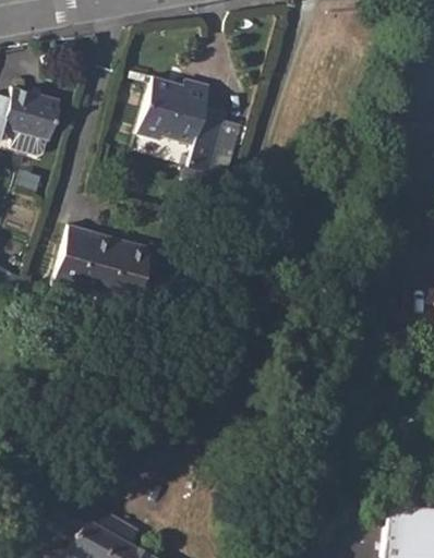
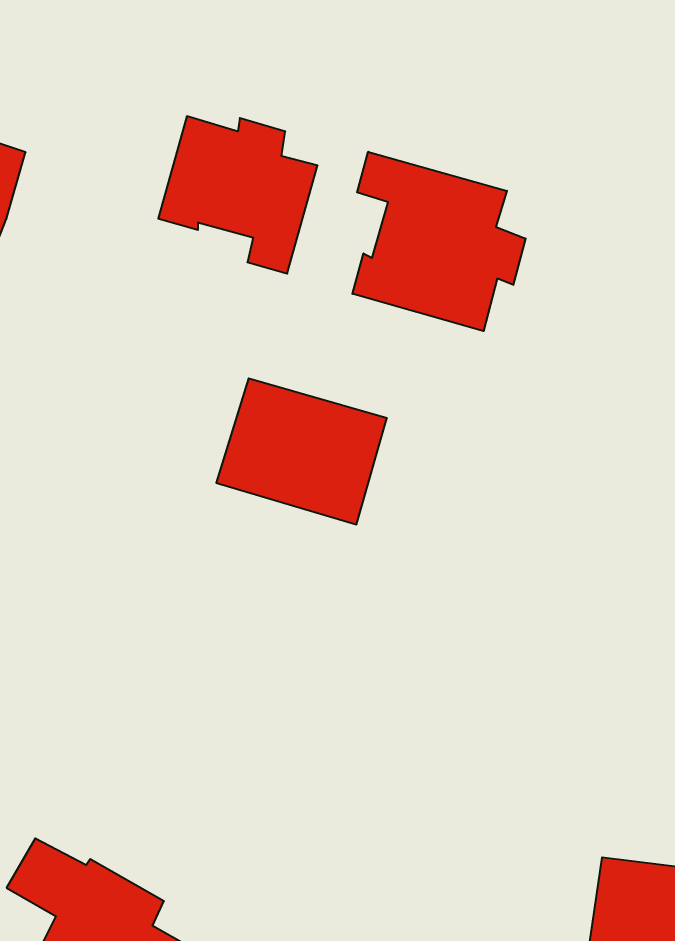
building: none -> [352,152,526,331]
building: [52,225,150,308] -> [216,378,387,524]

